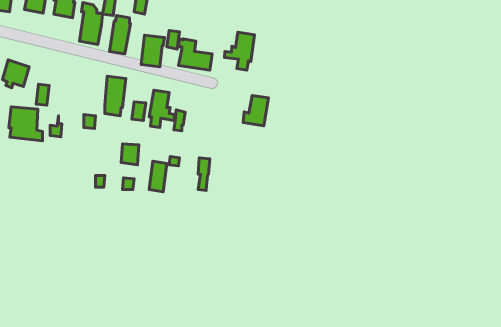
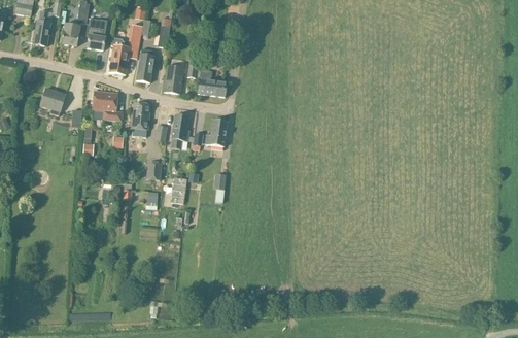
building: [224,32,254,70] -> none
building: [243,96,269,126] -> [205,119,228,145]
building: [9,107,43,141] -> [92,90,122,120]

